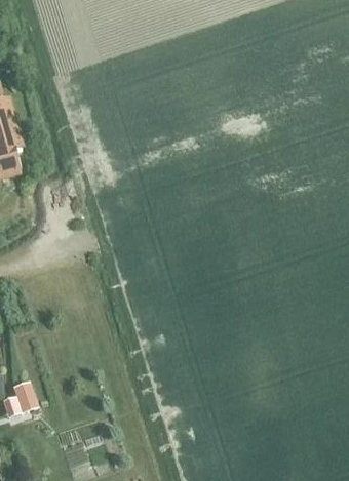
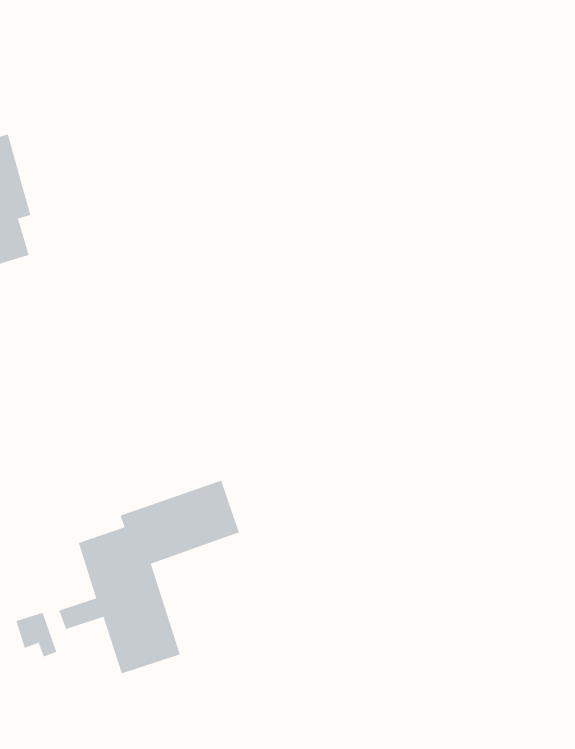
building: none -> [58,480,240,674]

